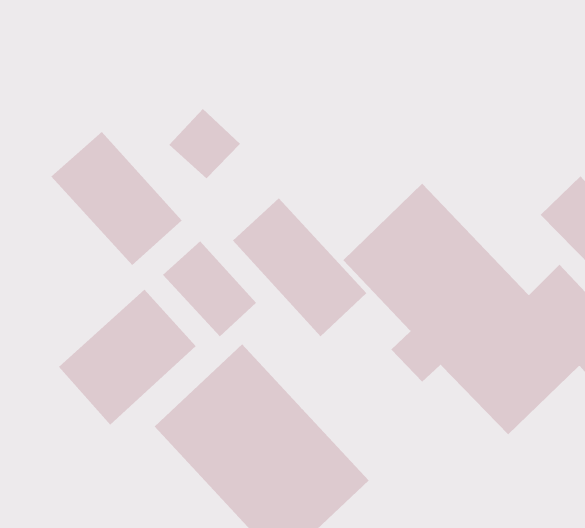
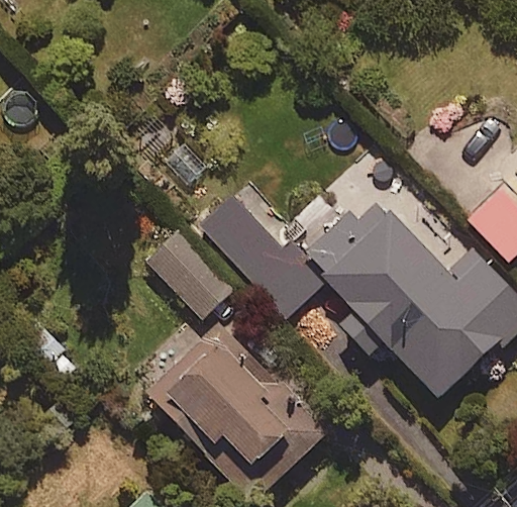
building: [50,131,182,266] -> none
building: [58,289,196,425] -> none

